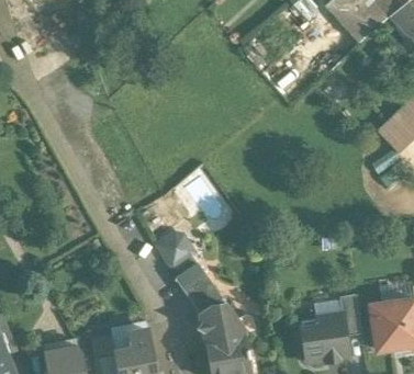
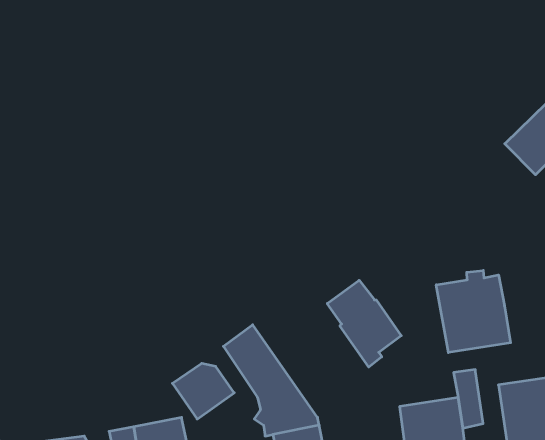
building: none -> [436,270,511,353]
building: [154,229,198,269] -> [172,363,234,419]
building: none -> [327,280,401,367]

